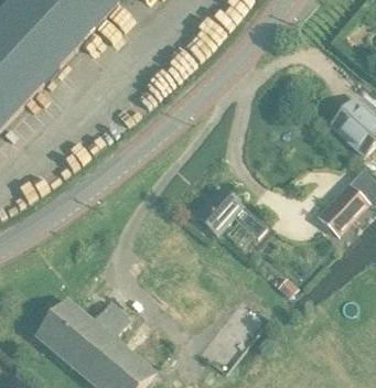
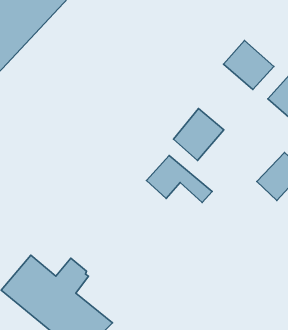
building: none -> [224,40,274,89]
building: none -> [173,108,224,160]

